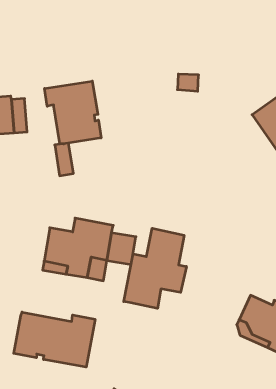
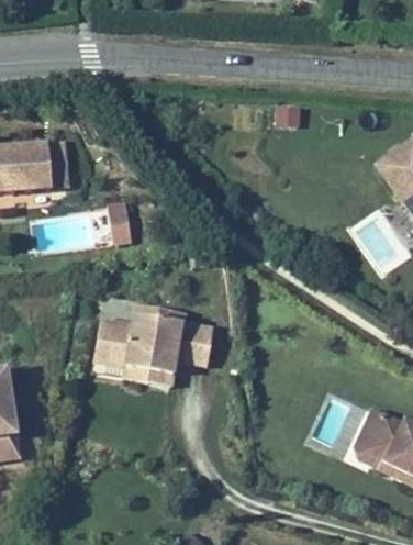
building: [45,81,101,144] -> none
building: [124,228,186,308] -> none
building: [14,312,95,367] -> none

